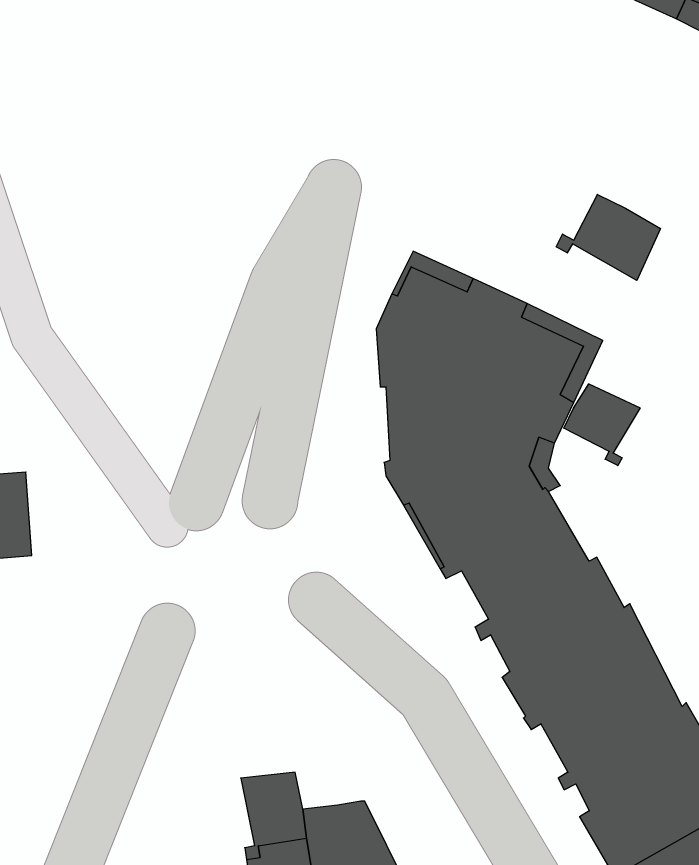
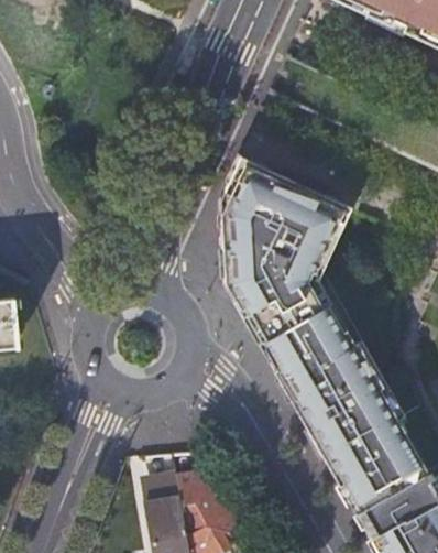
building: [556,194,660,280] -> none
building: [564,384,640,466] -> none

